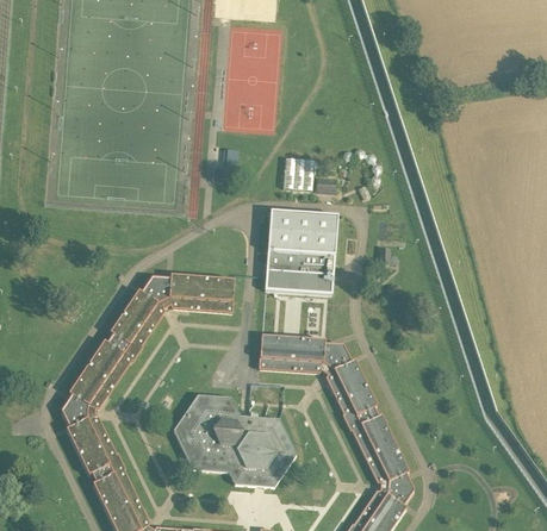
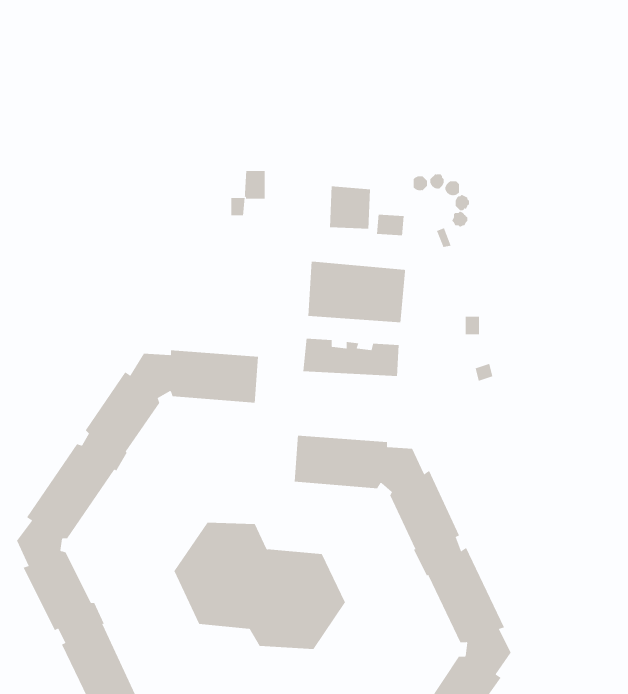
building: [267,250,335,274] -> none

